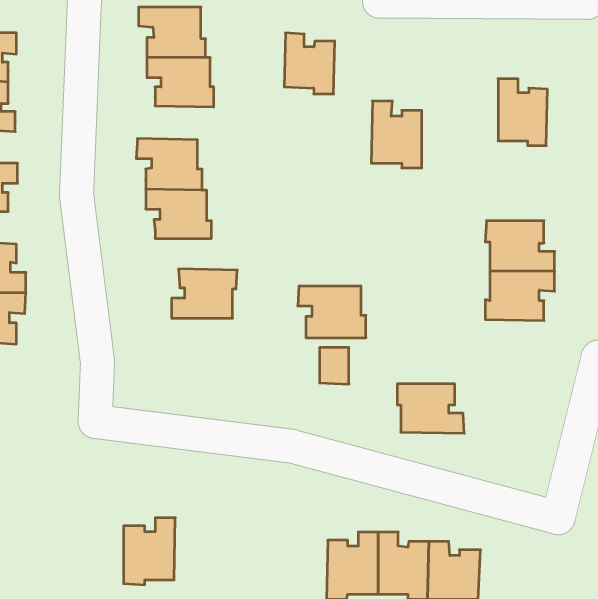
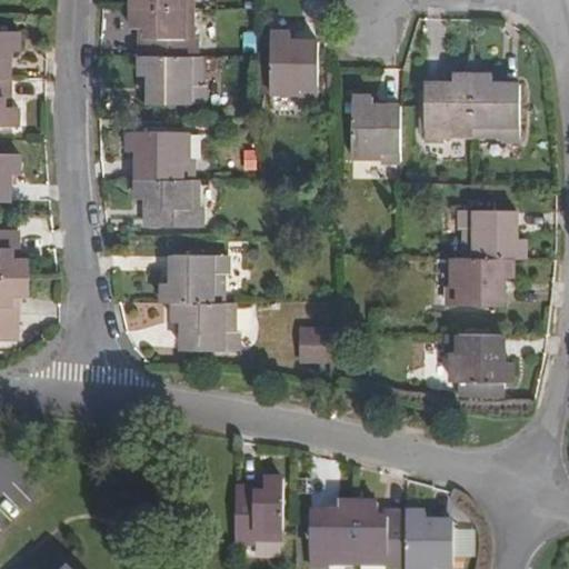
building: none -> [425,74,471,137]
building: [298,286,366,338] -> [171,301,236,350]
building: [397,384,464,433] -> [447,335,510,381]
building: [124,518,175,585] -> [236,482,284,546]

